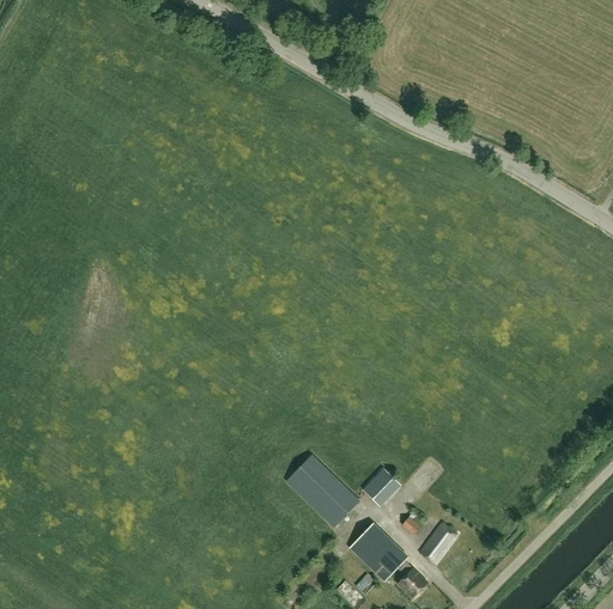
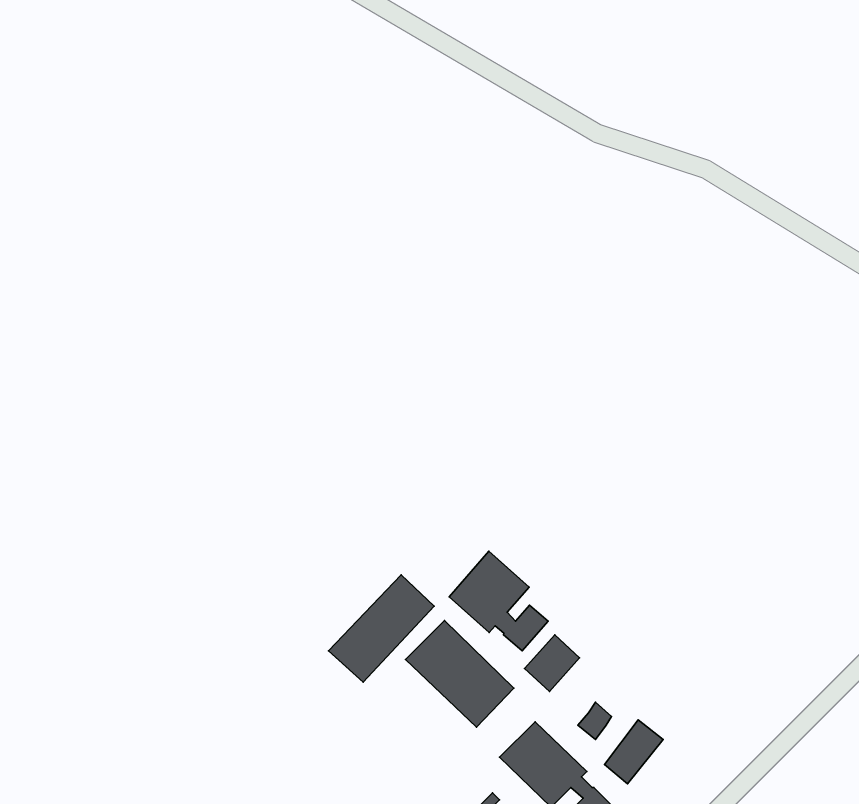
building: none -> [449,551,548,651]
building: none -> [328,575,434,682]

